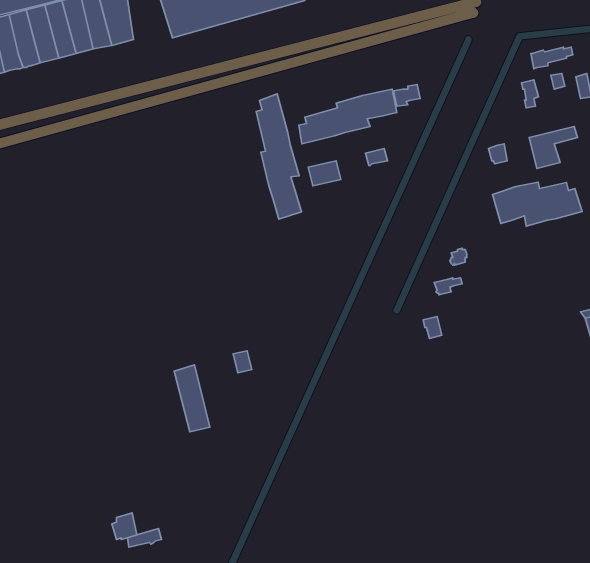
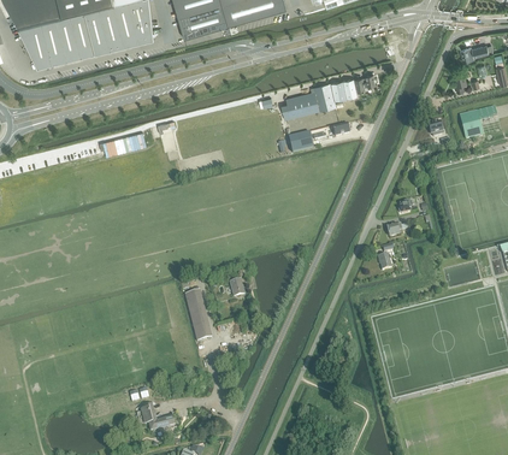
building: [256,94,301,219] -> none
building: [492,182,582,226] -> none

